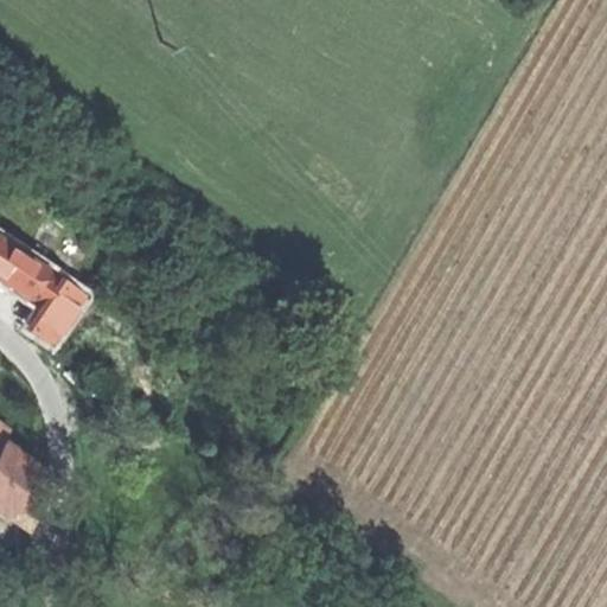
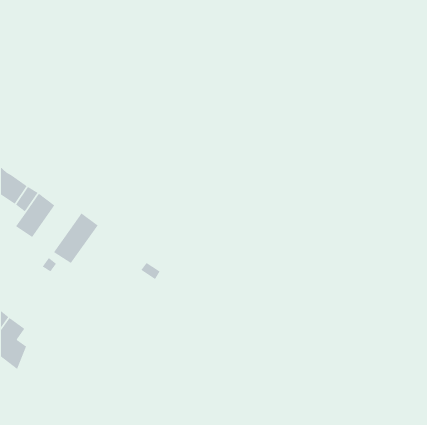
building: none -> [53,213,98,264]

